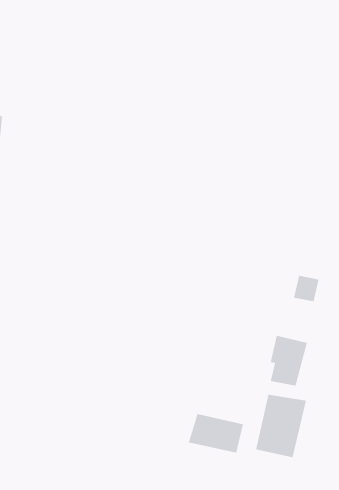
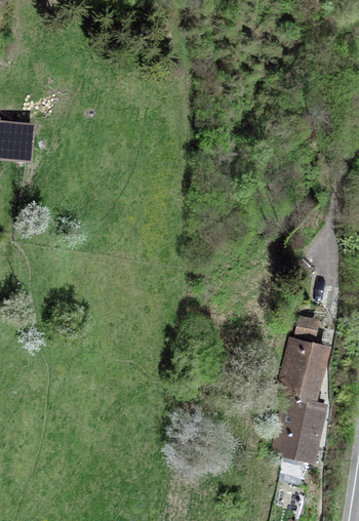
building: [188,413,244,453] -> none

